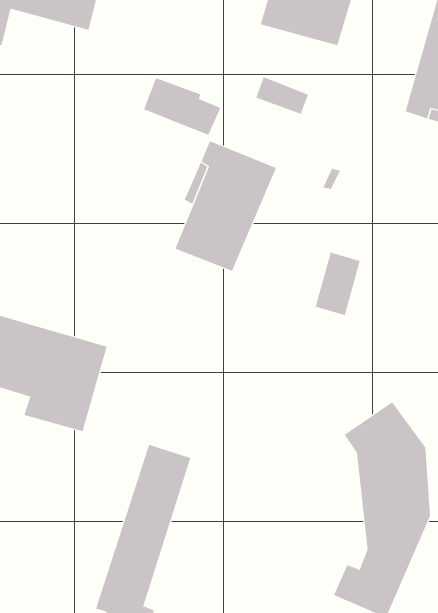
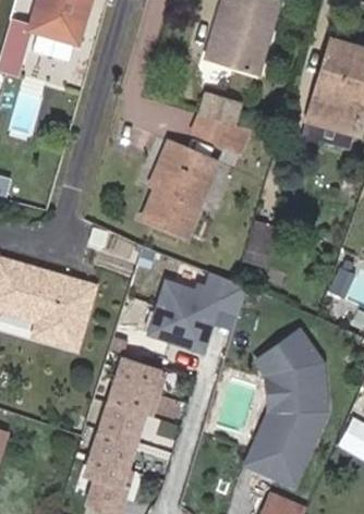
building: [143,77,221,135] -> [192,110,247,151]
building: none -> [146,272,248,353]

